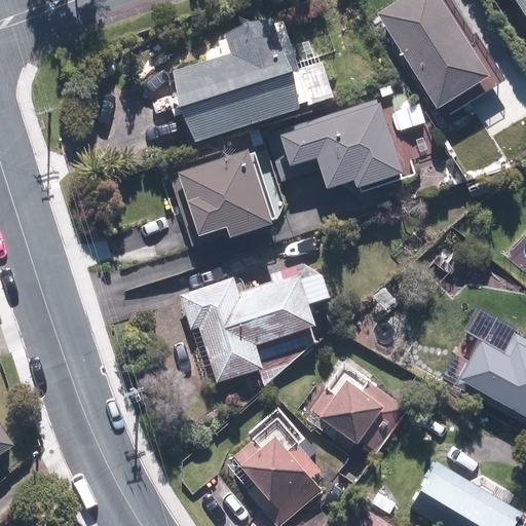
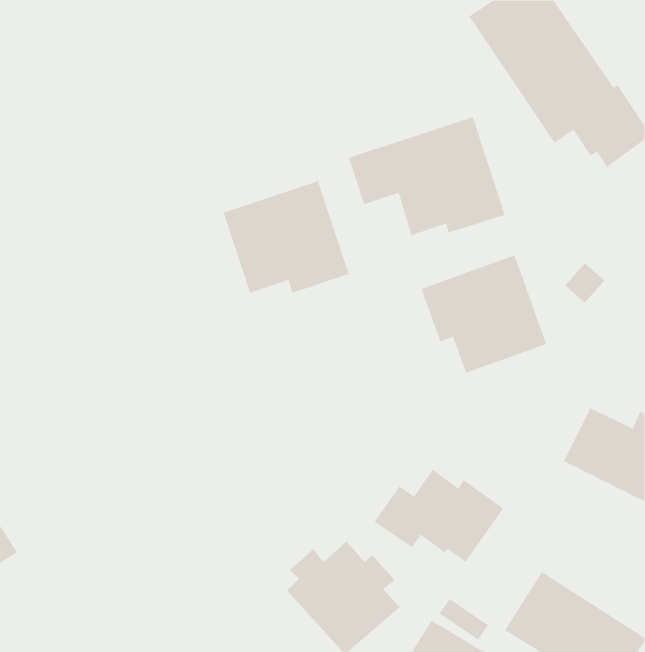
building: [172,18,331,143] -> none
building: none -> [421,254,547,374]
building: [178,265,333,386] -> none

